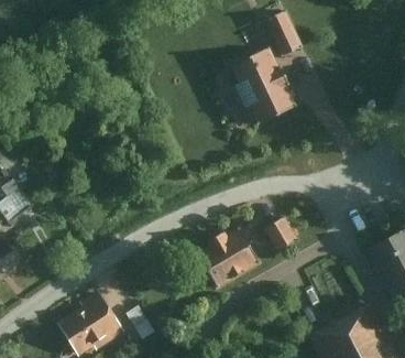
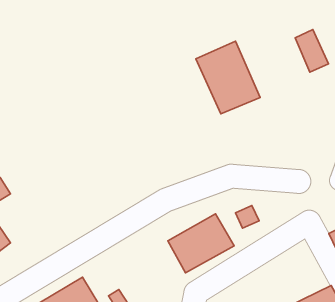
building: [266,10,302,55] -> [295,29,329,72]

